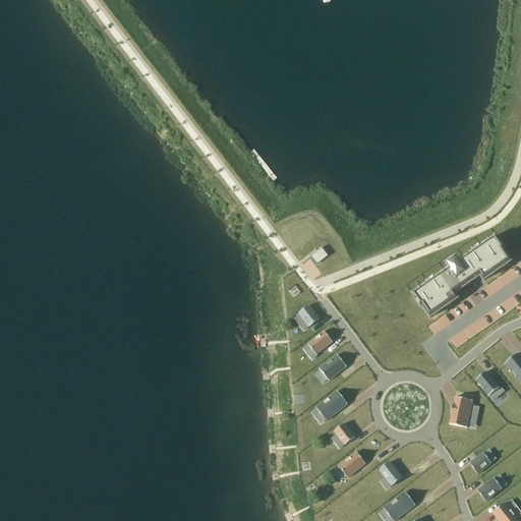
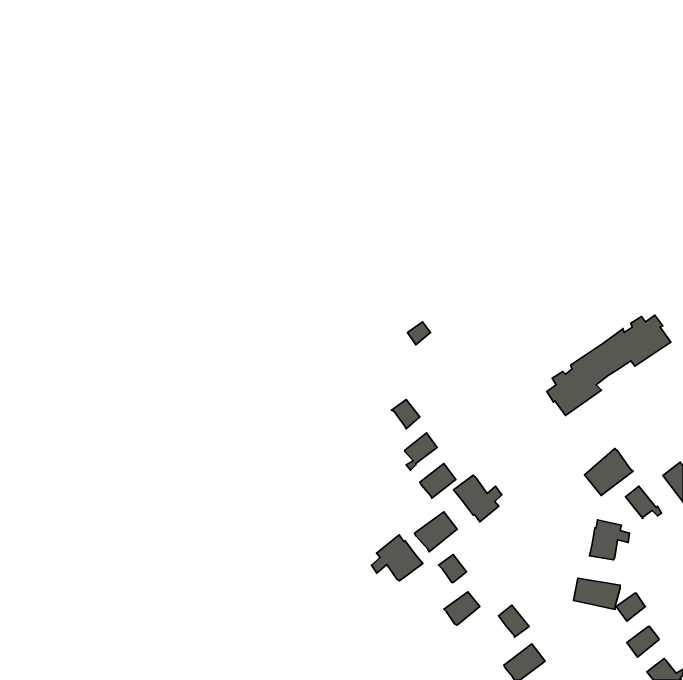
building: none -> [584,448,633,496]
building: none -> [453,475,502,522]
building: none -> [371,535,423,581]
building: none -> [574,578,620,609]

